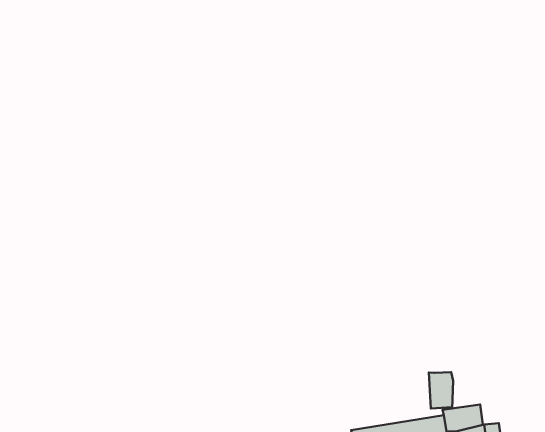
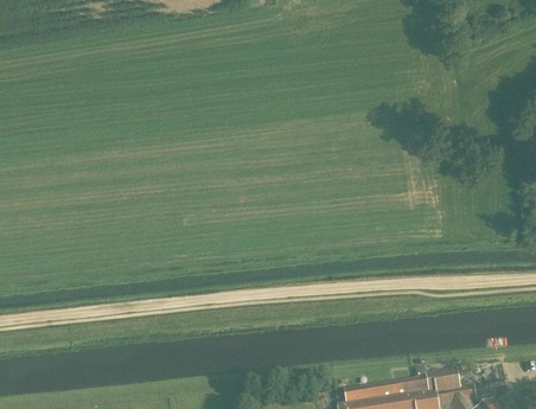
building: [429,372,453,408] -> none

